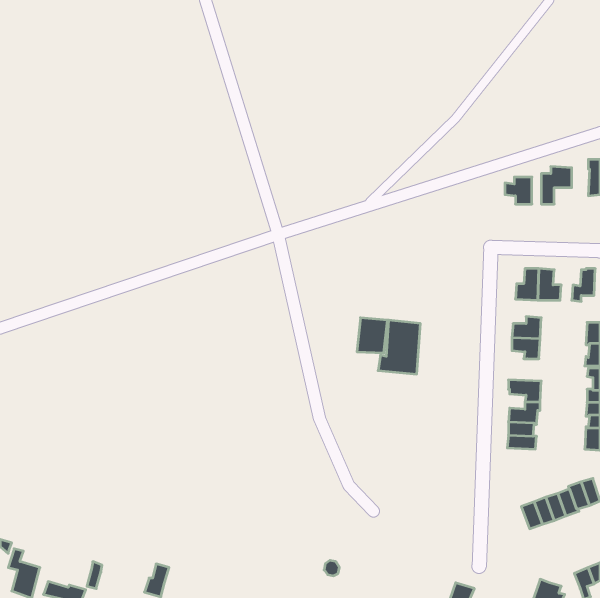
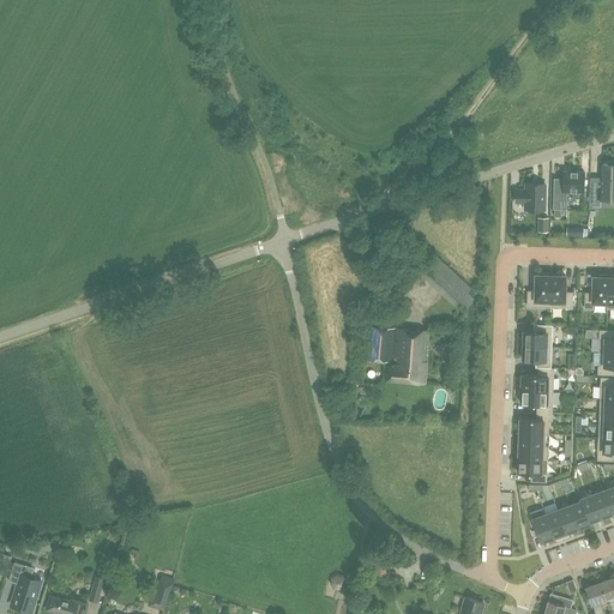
building: none -> [519,368,554,391]
building: none -> [518,459,547,482]

